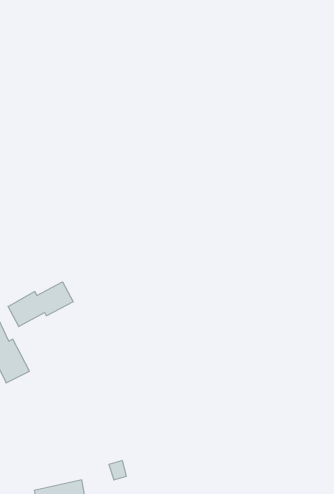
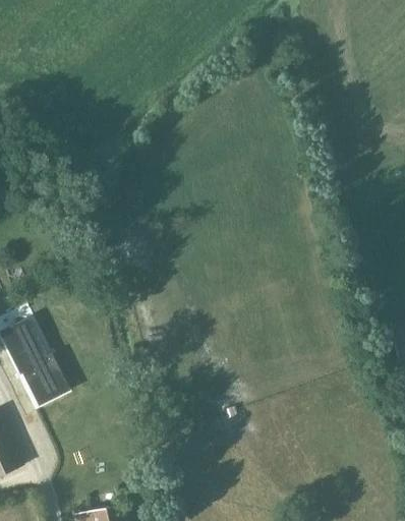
building: [8,282,73,327] -> none

